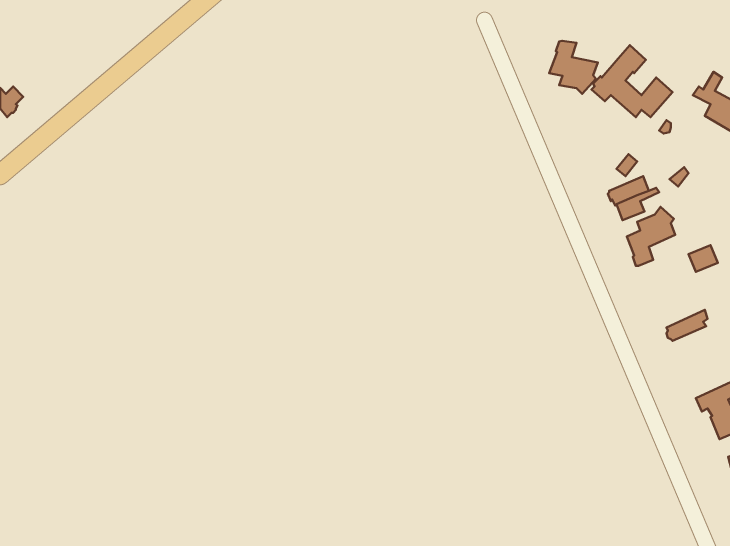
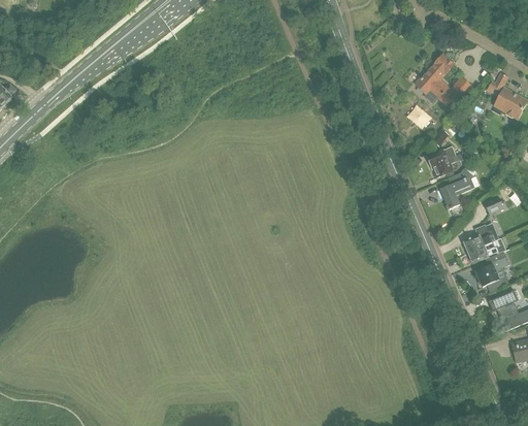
building: [549,41,598,94] -> none
building: none -> [463,225,495,252]
building: none -> [475,251,508,286]

